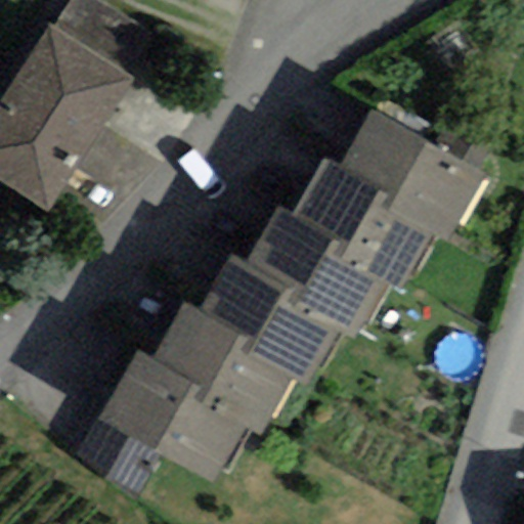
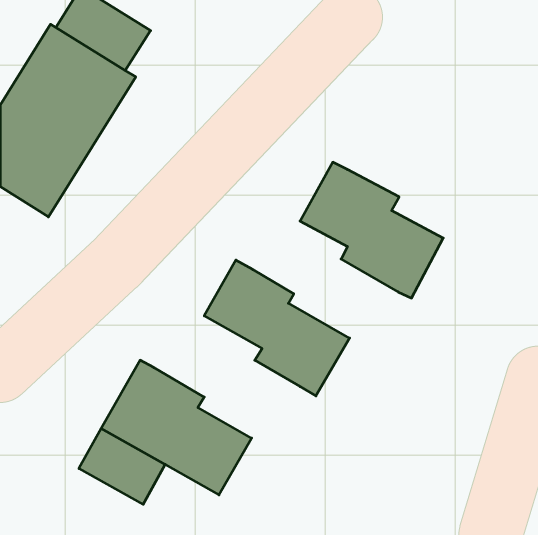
building: [338,108,484,241] -> none
building: [246,206,387,338] -> none
building: [149,298,292,433] -> none

